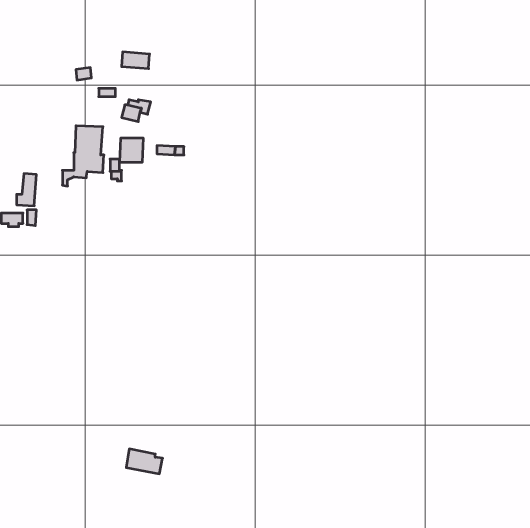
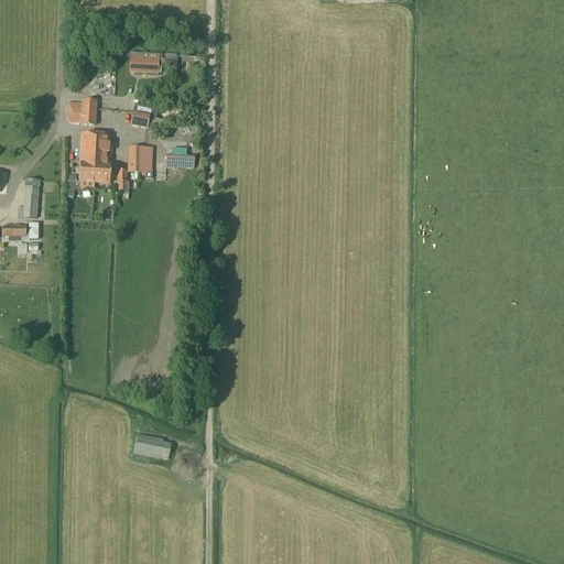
building: none -> [67,99,97,124]
building: [126,449,163,474] -> [133,433,172,459]

